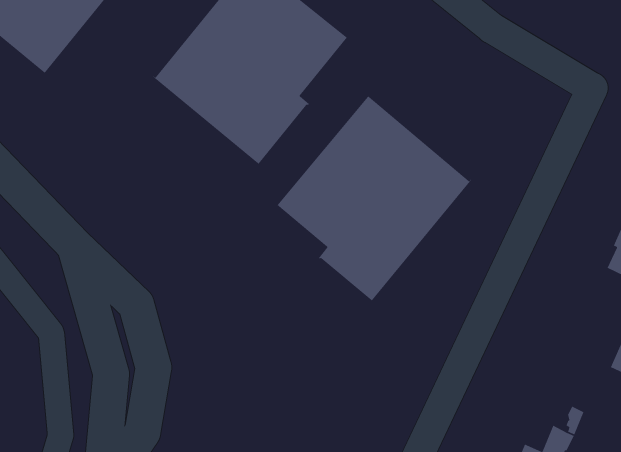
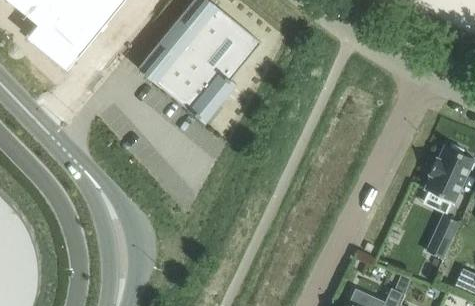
building: [277,95,472,302] -> none

